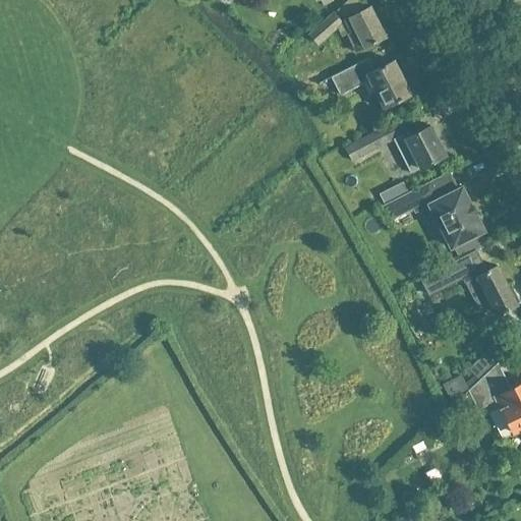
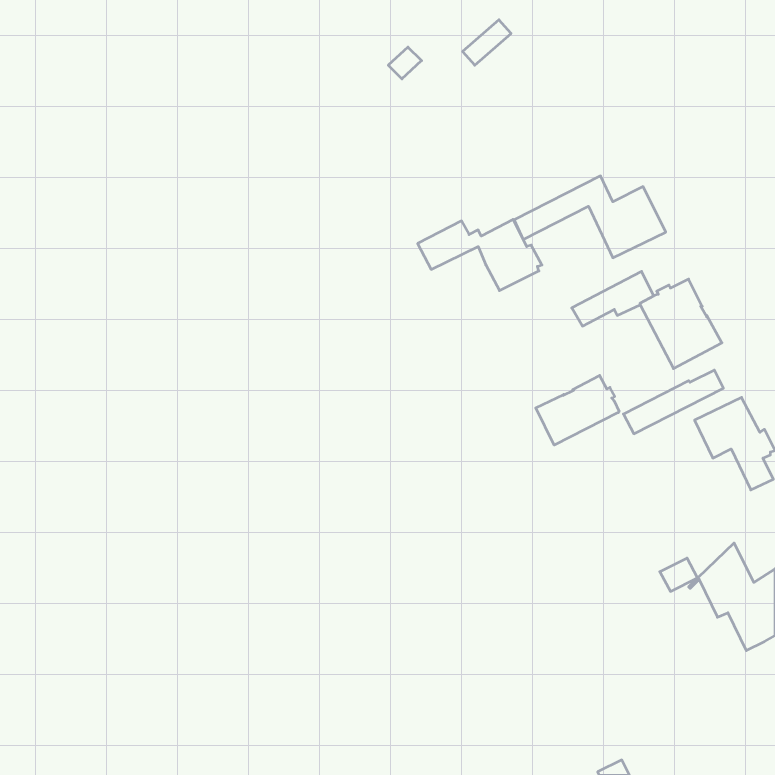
building: [345,6,386,47] -> none
building: [331,60,414,108] -> [418,219,542,291]
building: none -> [536,375,619,445]

